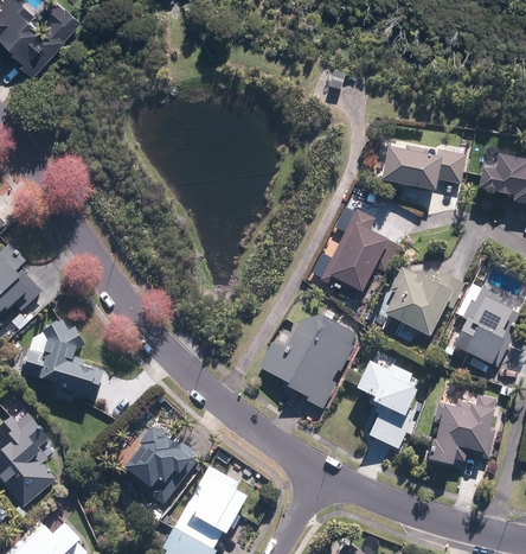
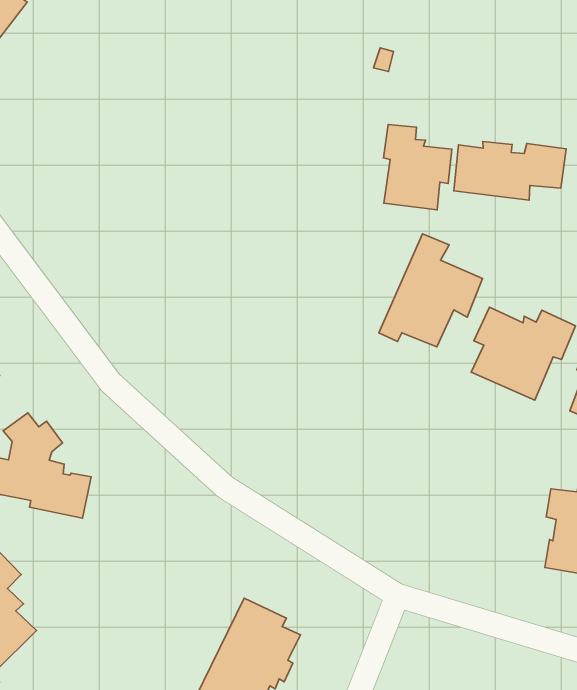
building: none -> [384,124,452,210]
building: [258,313,357,408] -> none
building: [357,359,418,448] -> none
building: [123,426,199,503] -> none

